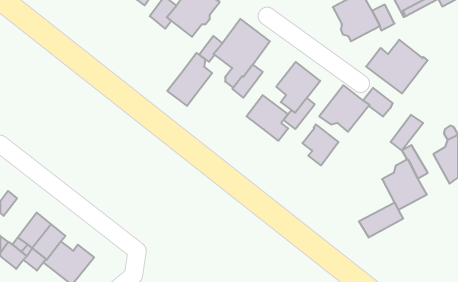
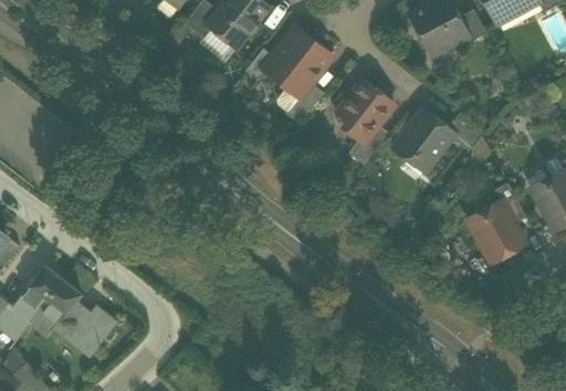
building: [366,40,428,93] -> none
building: [167,53,212,106] -> none
building: [246,95,288,141] -> none
building: [391,115,423,151] -> none
building: [302,124,339,165] -> none
building: [359,202,403,238] -> none

